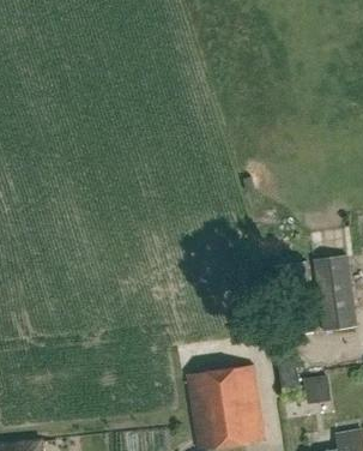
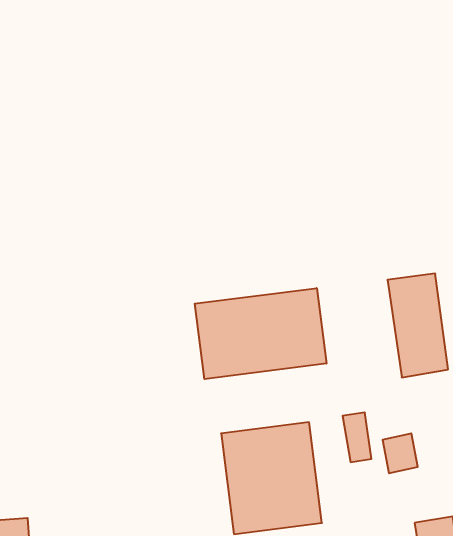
building: none -> [195,288,326,379]

